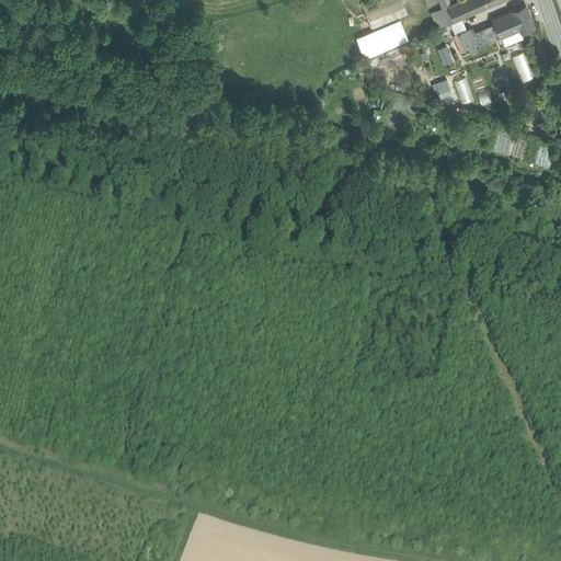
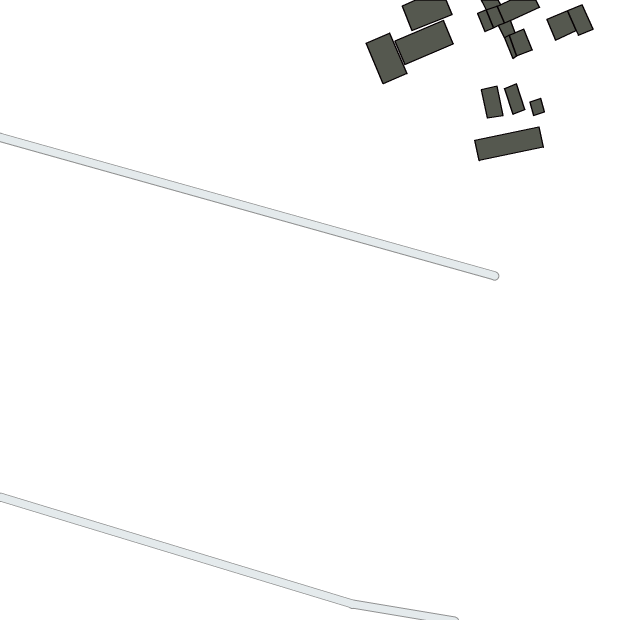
building: none -> [366,33,407,84]
building: none -> [475,127,543,161]

